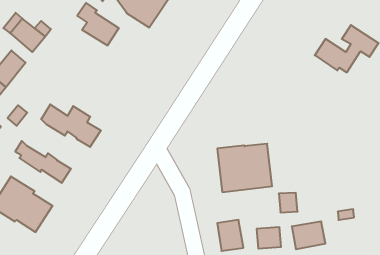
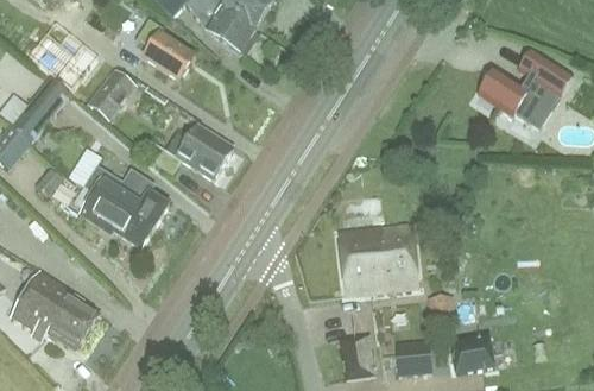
building: none -> [88,68,128,119]
building: none -> [166,122,233,178]
building: [15,141,71,183] -> [74,187,154,247]

